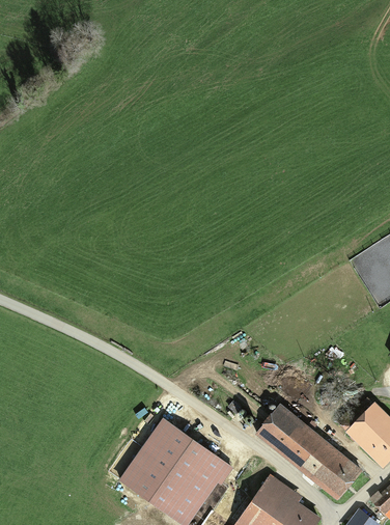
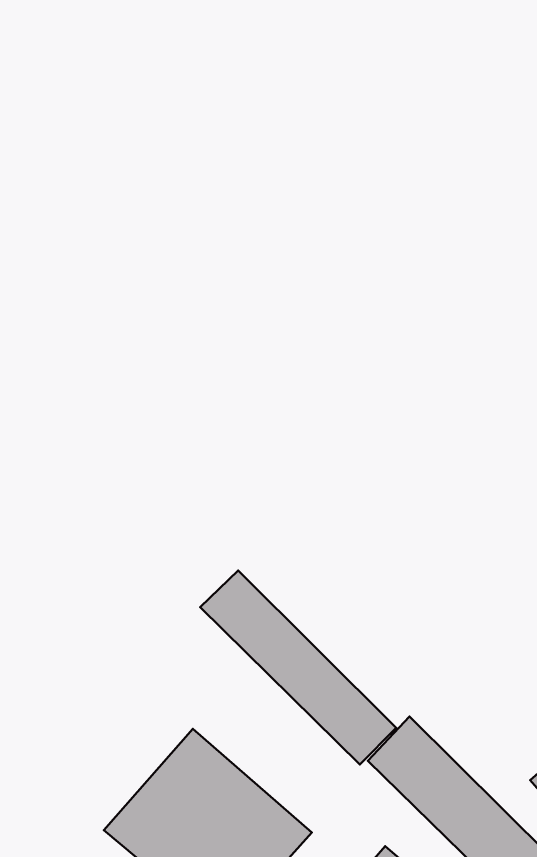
building: none -> [200,571,396,765]

